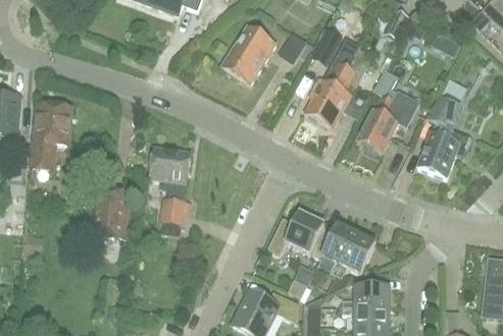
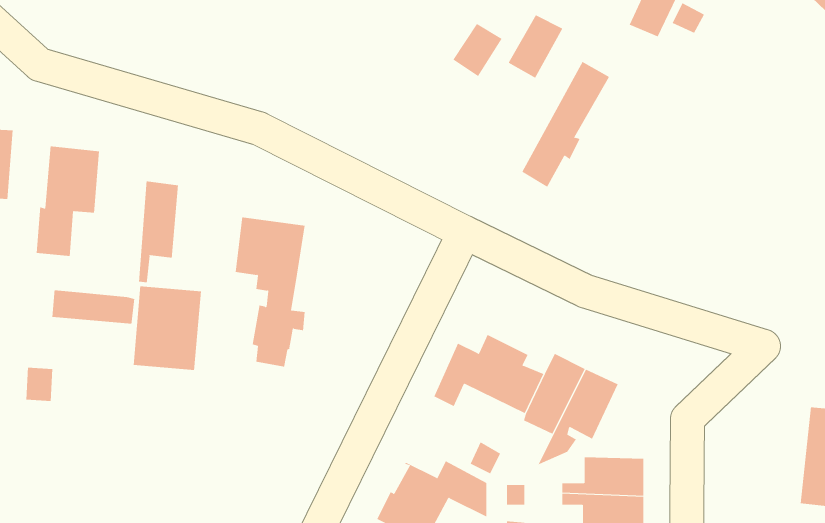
building: [220,24,275,85] -> none
building: [304,39,358,120] -> none
building: [357,71,418,153] -> none
building: [416,83,470,178] -> none
building: none -> [138,181,179,283]
building: none -> [52,290,135,324]

